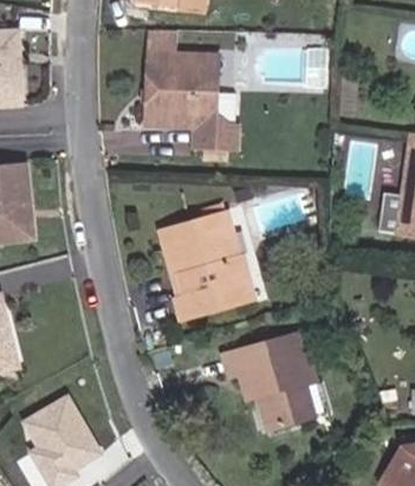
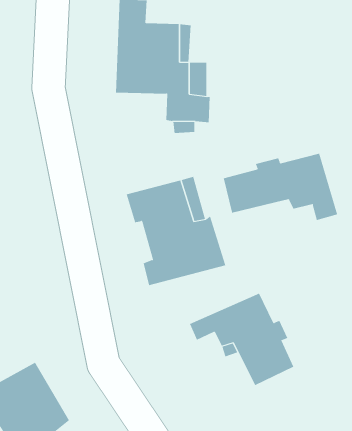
building: none -> [223,153,338,221]

